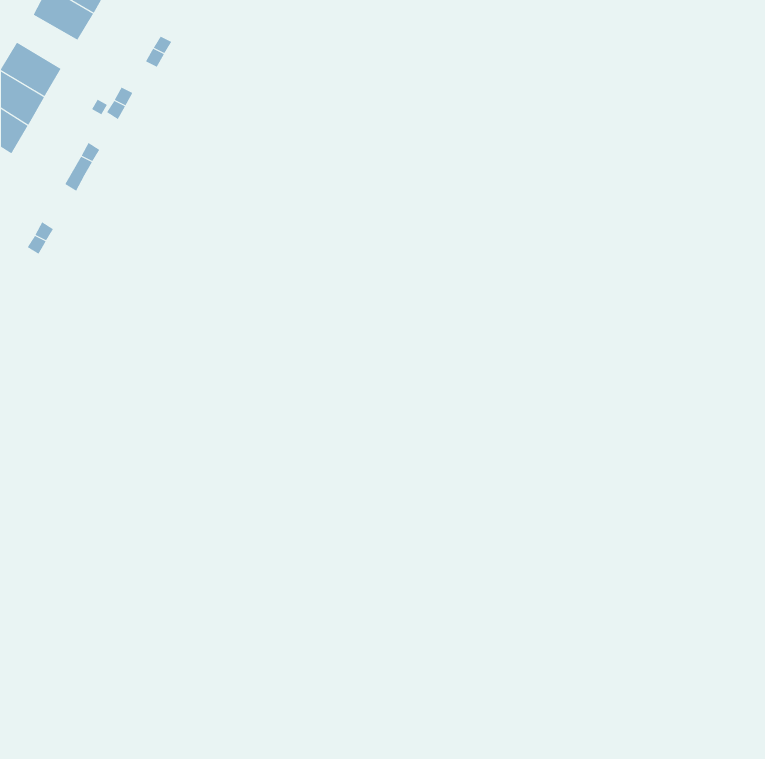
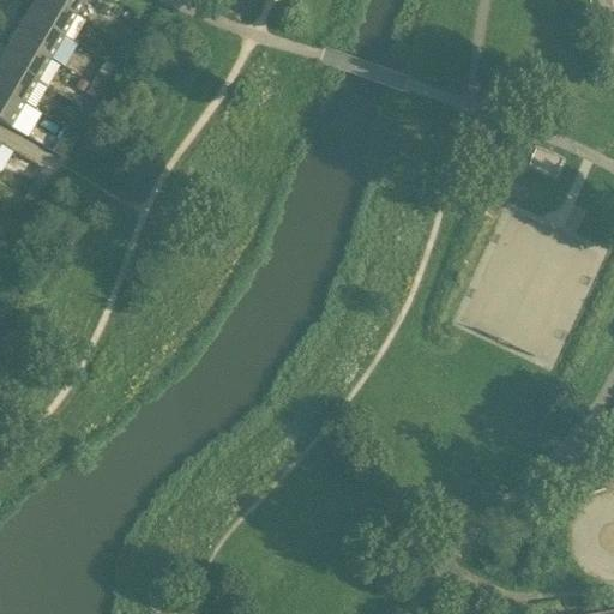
building: none -> [13,12,62,55]

